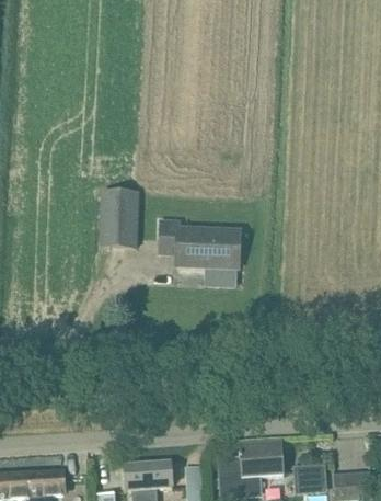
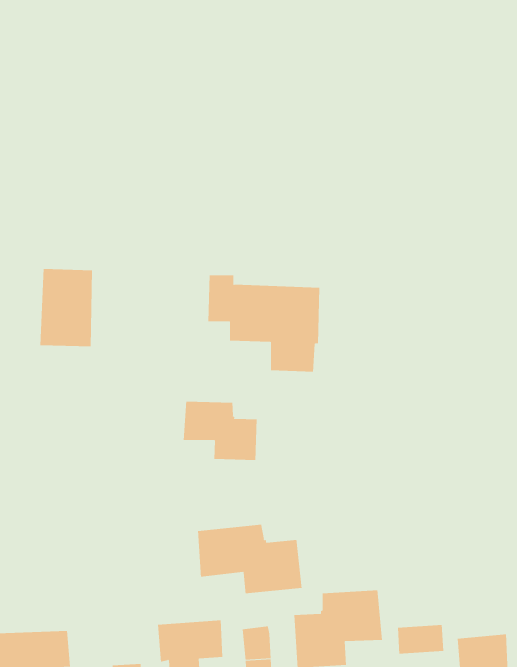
building: [101,192,138,247] -> [40,269,93,347]
building: none -> [183,401,257,461]
building: none -> [198,524,302,594]

